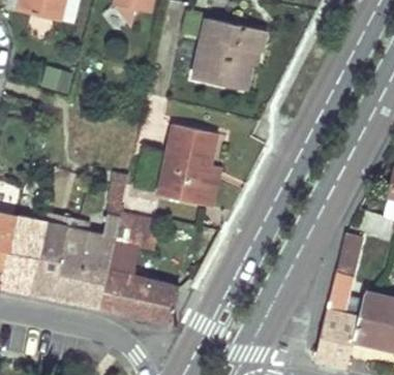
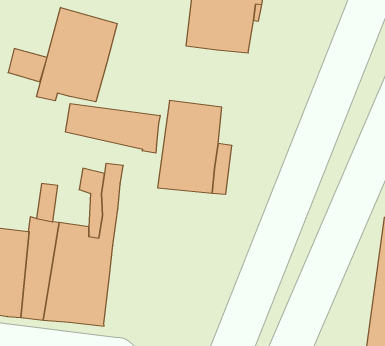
building: none -> [36,7,117,102]
building: none -> [66,104,160,153]
building: [99,211,178,322] -> none

